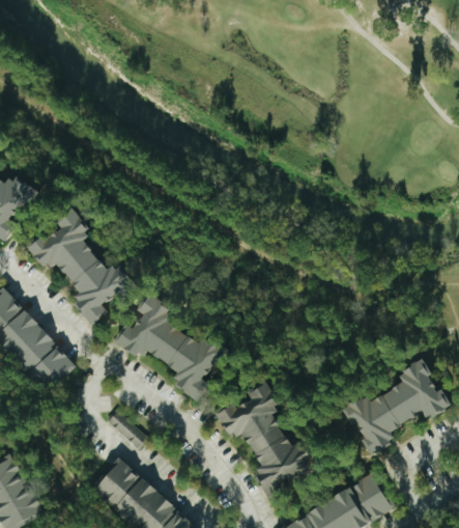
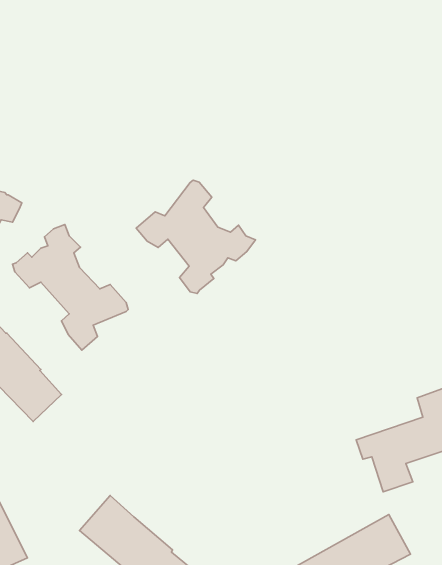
building: none -> [136,180,255,294]
building: [113,295,228,400] -> none
building: [213,380,316,498] -> none
building: [106,410,145,449] -> none

